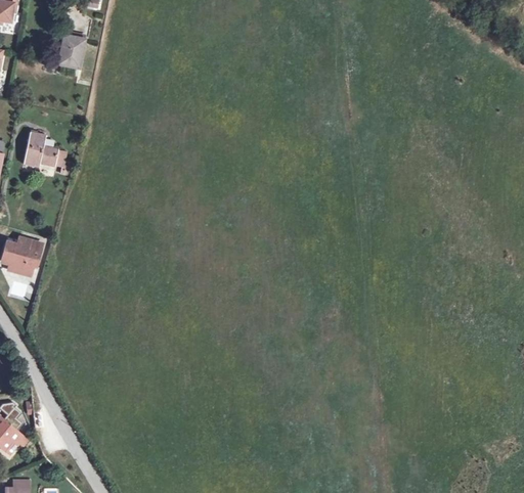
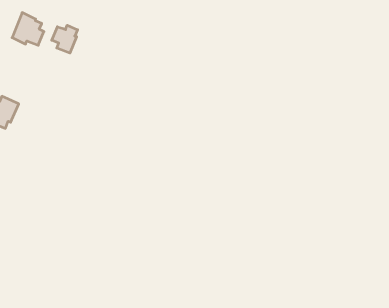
building: none -> [52,25,78,53]

